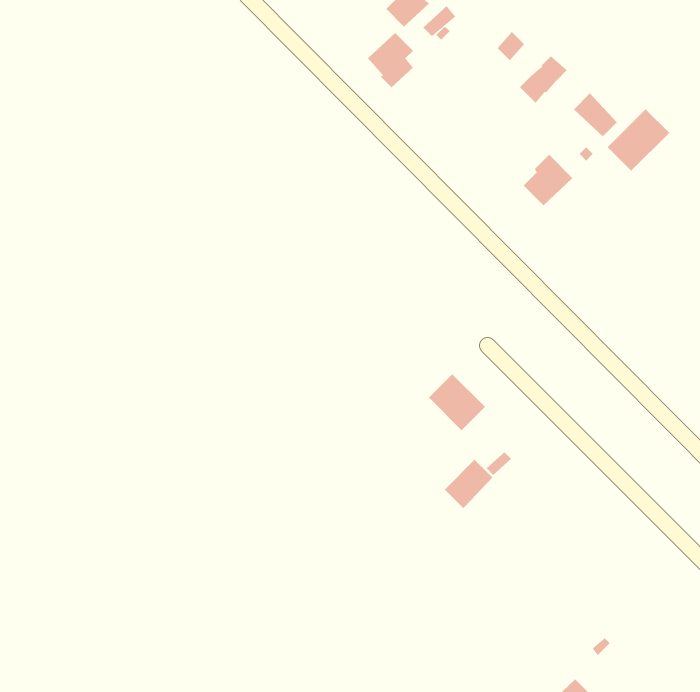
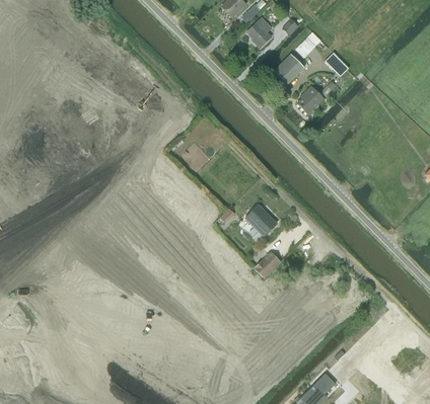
building: [367,32,414,88] -> [246,17,272,48]
building: none -> [275,54,304,83]
building: [607,108,670,172] -> none

